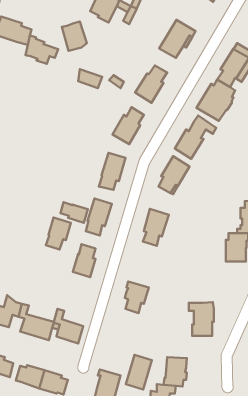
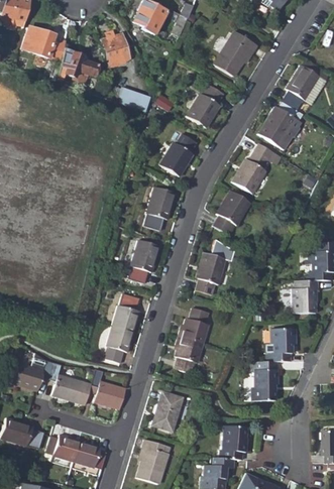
building: [61,202,88,223] -> none
building: [46,218,71,250] -> [105,326,134,363]
building: none -> [179,308,209,344]
building: none -> [265,329,297,362]
building: [126,355,152,389] -> [152,391,183,432]

